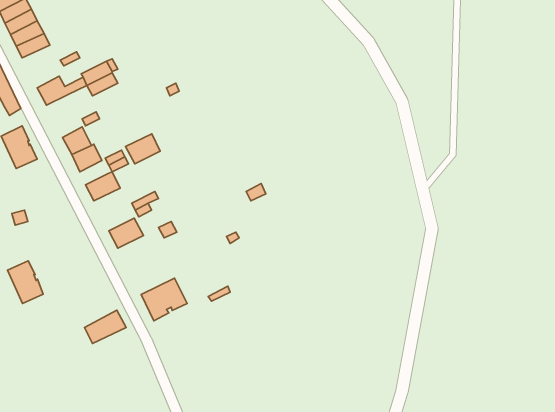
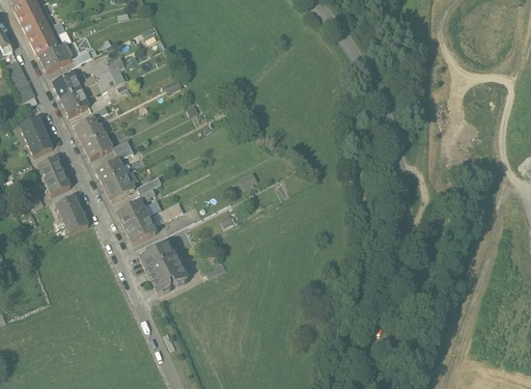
building: none -> [38,44,71,71]
building: none -> [60,88,88,114]
building: [125,134,160,164] -> [103,172,134,199]
building: none -> [37,155,69,194]
building: none -> [124,215,156,243]
building: [7,261,43,304] -> [55,194,87,232]
building: [84,310,126,344] -> [138,238,175,268]

